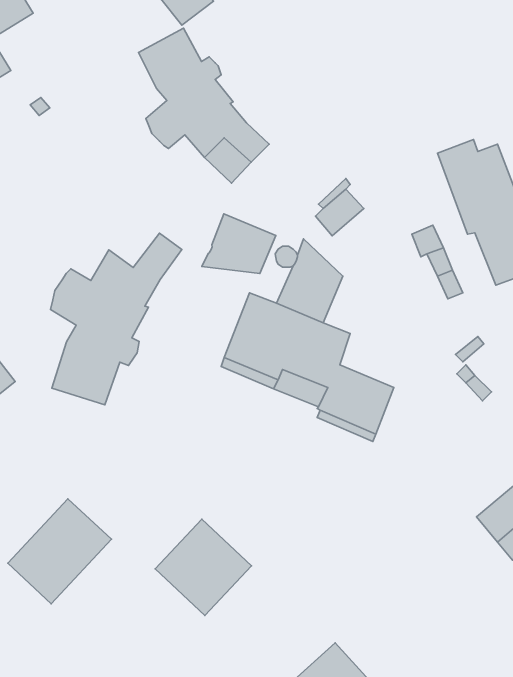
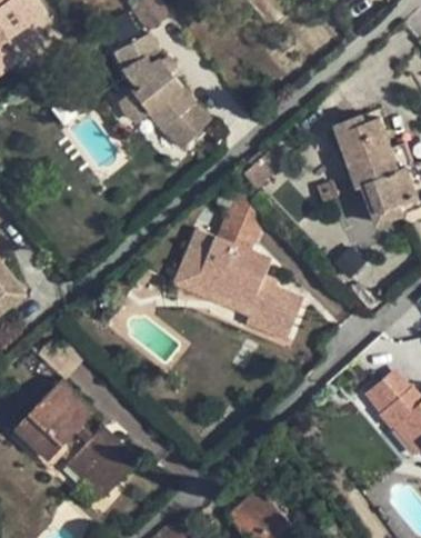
building: [202,214,276,273] -> none
building: [50,233,182,405] -> none
building: [155,519,251,615] -> [68,427,139,498]

